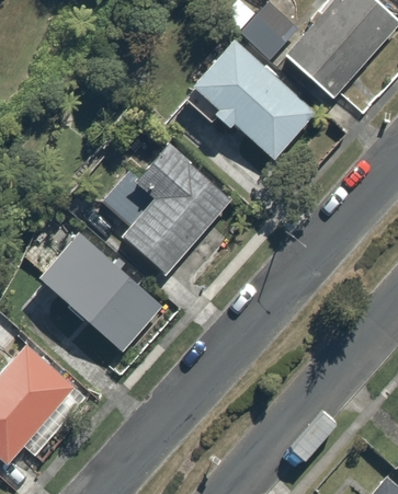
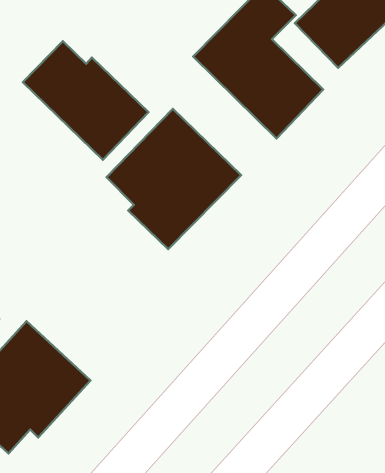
building: none -> [23,41,148,160]
building: [37,225,167,354] -> none

